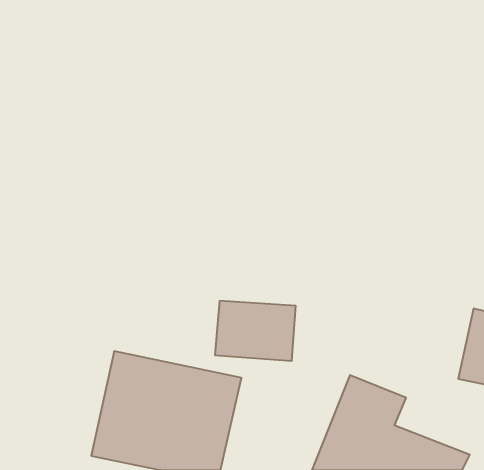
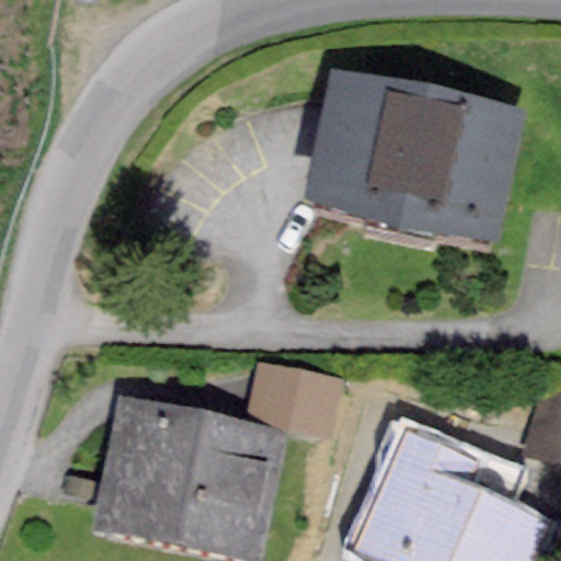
building: none -> [325,90,517,242]

